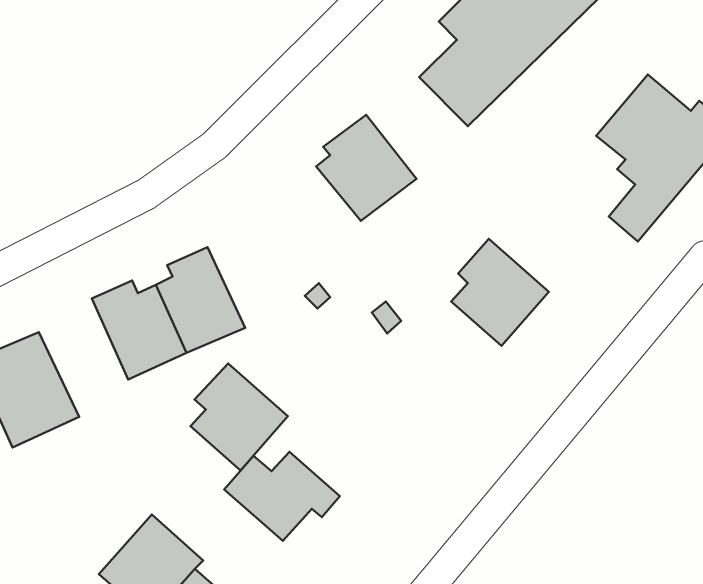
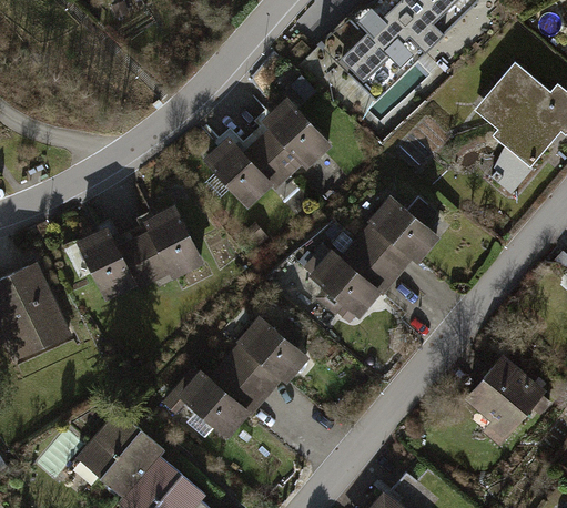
building: none -> [203,135,287,213]
building: none -> [313,243,399,322]
building: [190,363,288,471] -> [231,313,308,398]
building: none -> [470,352,554,443]

